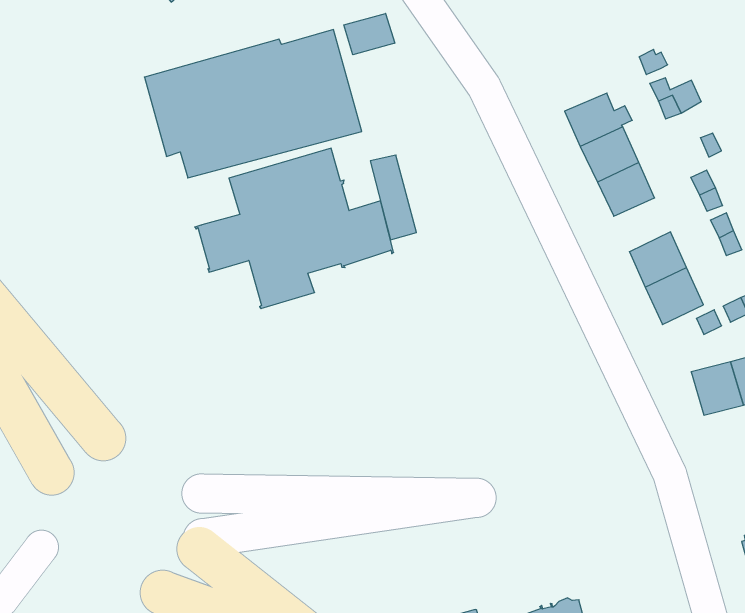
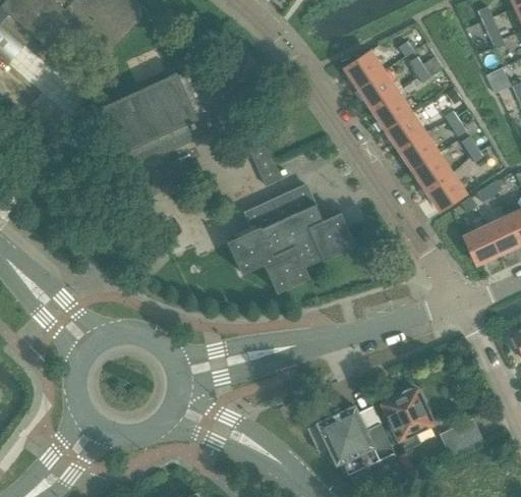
building: [344,13,395,55] -> none
building: none -> [345,50,384,88]
building: [195,148,394,309] -> [228,184,353,290]
building: none -> [400,132,437,168]

